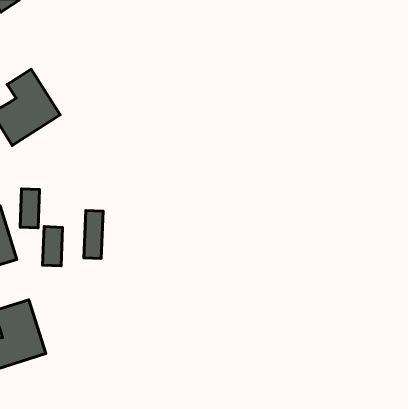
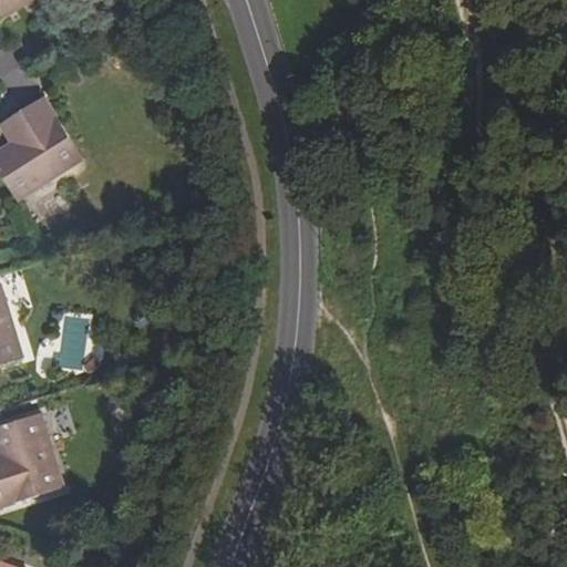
building: [20,189,40,228] -> none
building: [84,211,103,259] -> none

